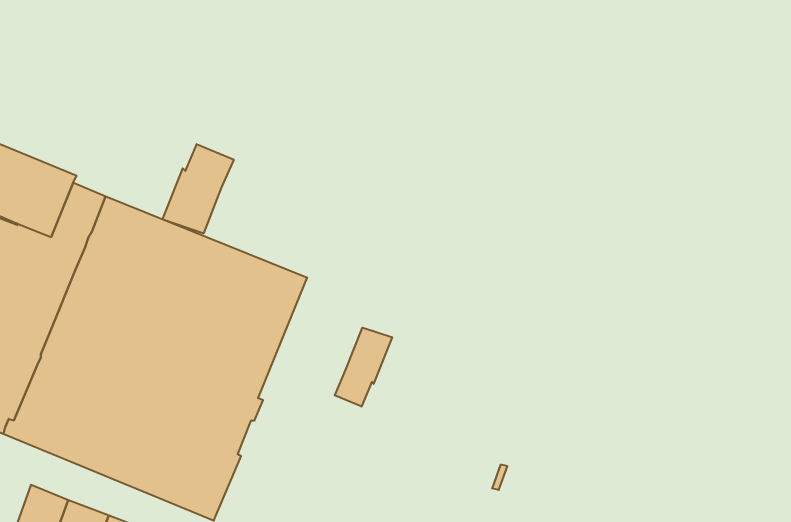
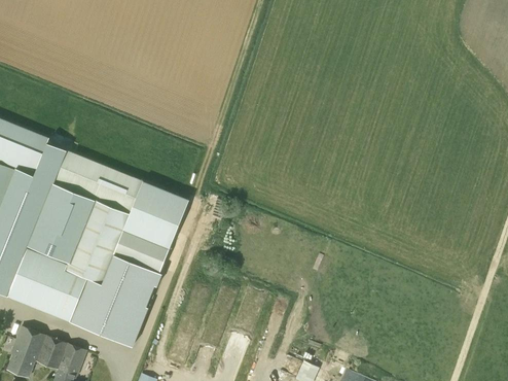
building: [163,144,234,233] -> none
building: [335,328,392,407] -> none

